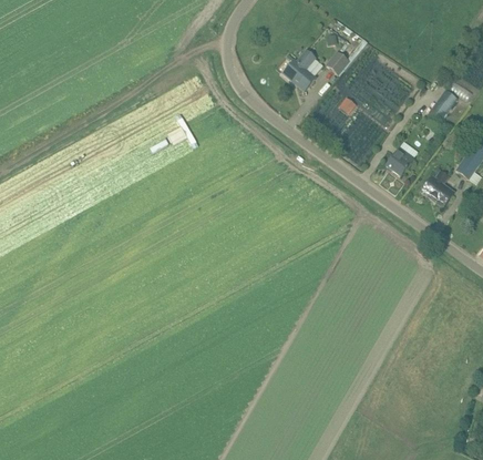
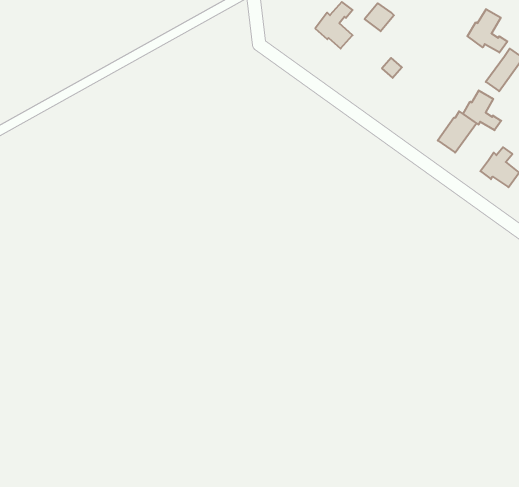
building: none -> [467,9,507,53]
building: none -> [463,90,501,130]

